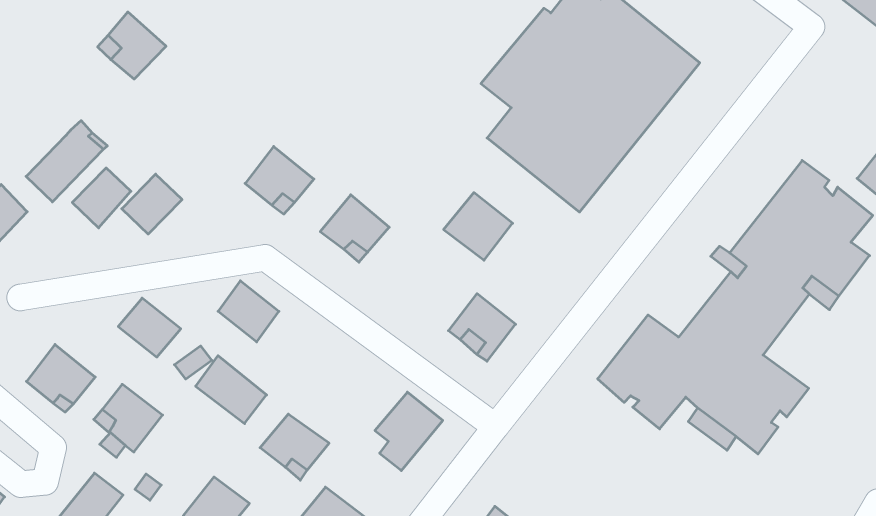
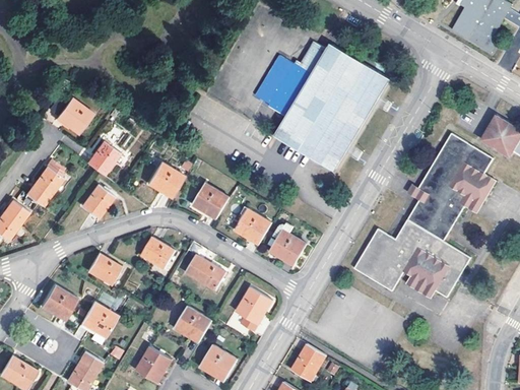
building: [72,168,131,228] -> [87,141,119,175]
building: [444,193,513,260] -> [234,207,271,244]
building: [196,356,267,424] -> [186,254,225,289]

